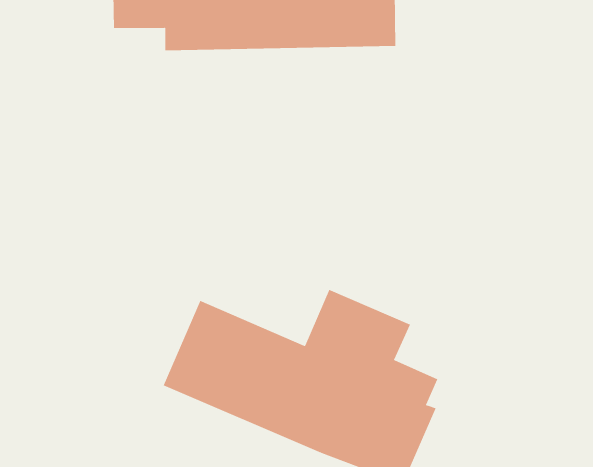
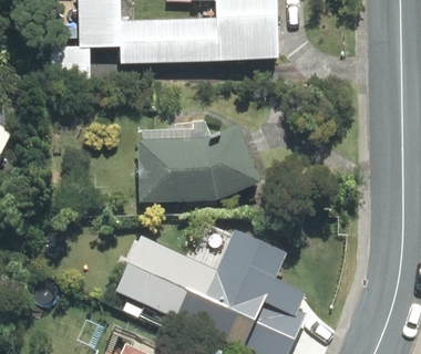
building: none -> [141,129,254,201]

